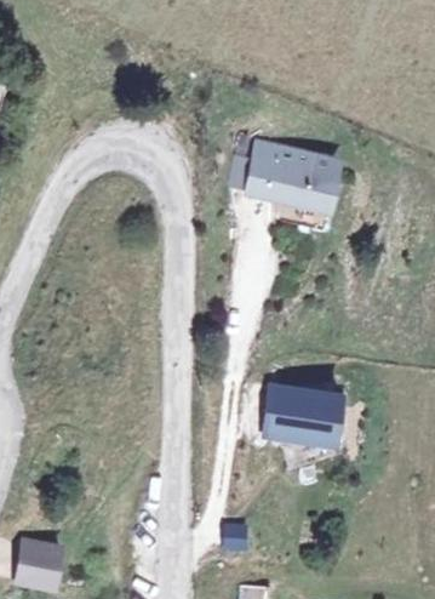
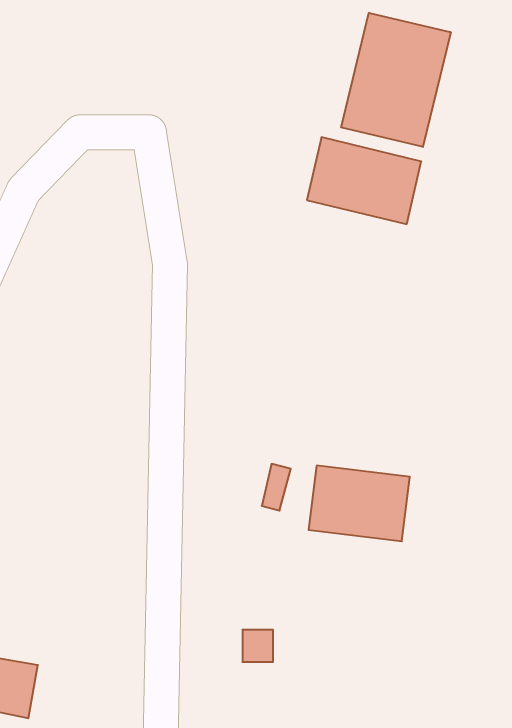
building: none -> [341,13,451,147]

